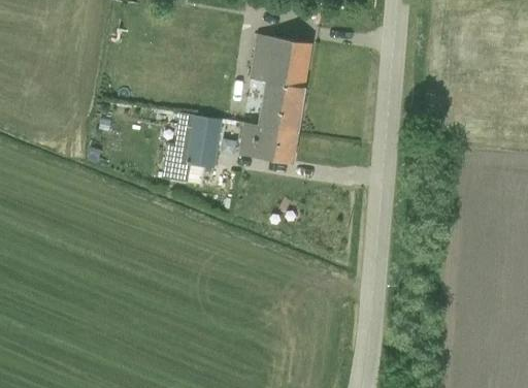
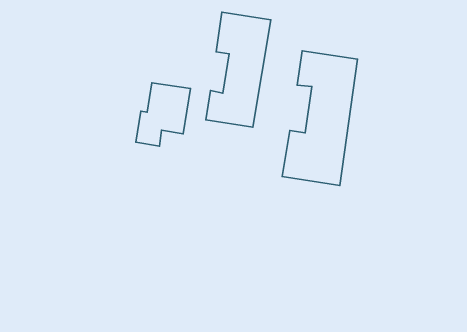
building: none -> [282,51,357,185]

